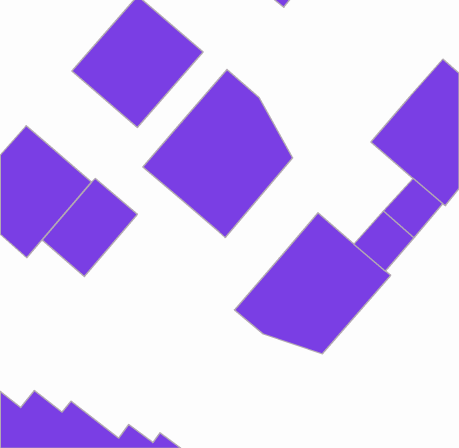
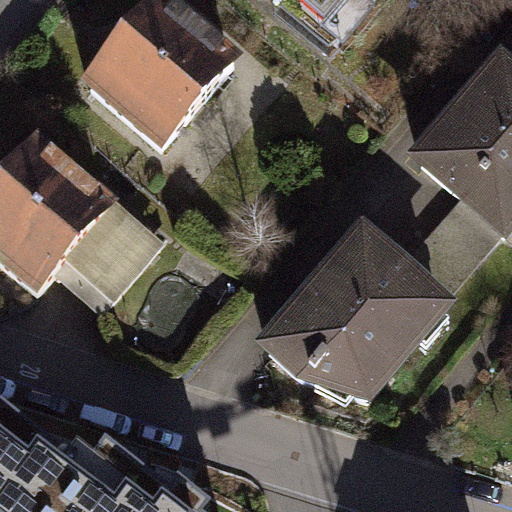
building: [143,69,293,238] -> none

